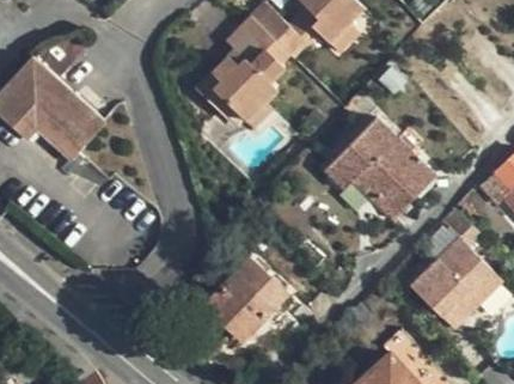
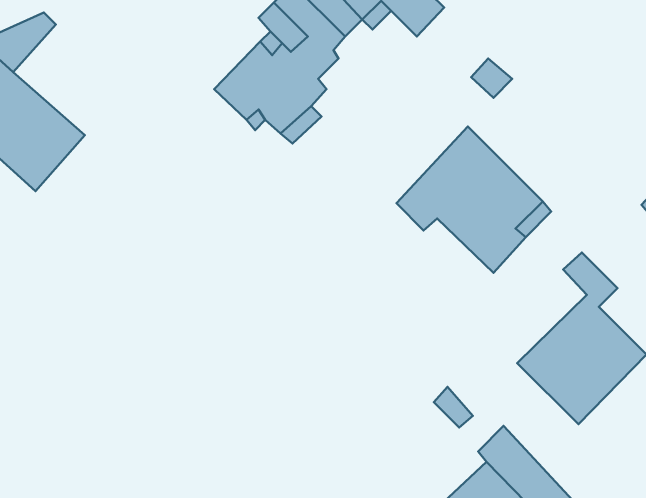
building: [204,258,284,339] -> none

